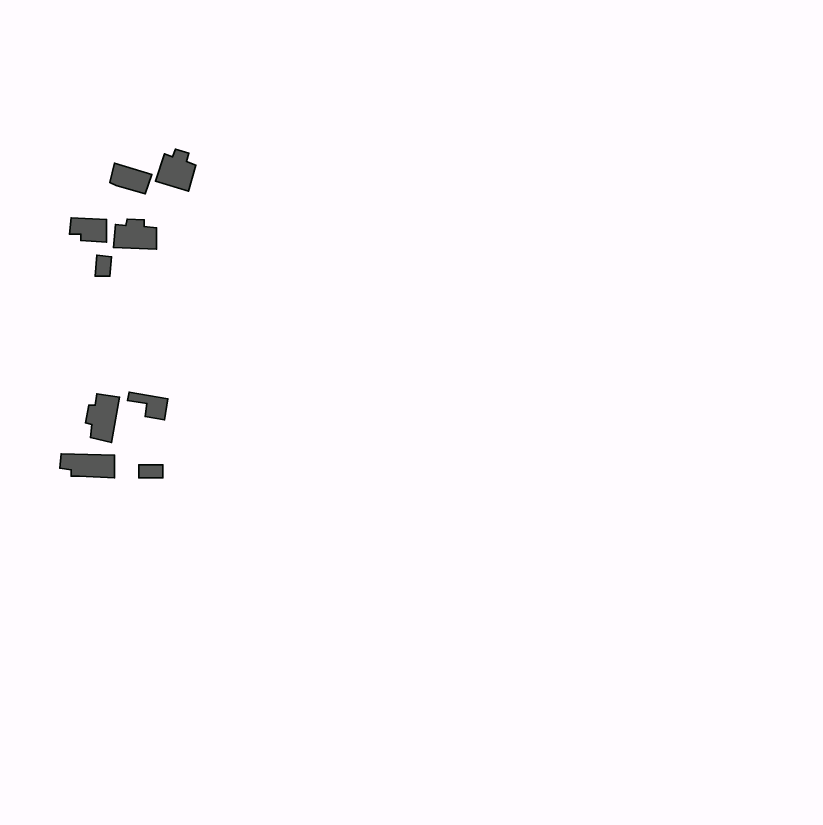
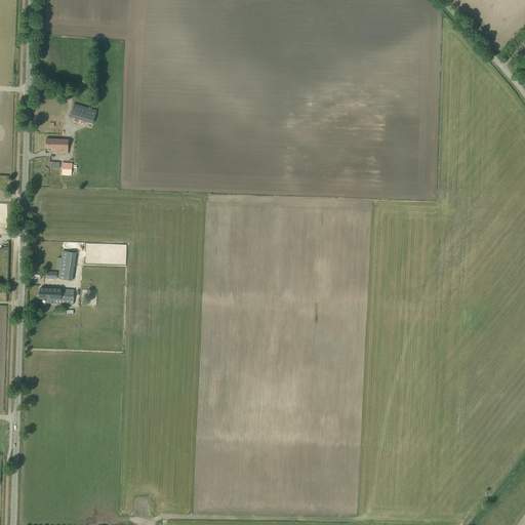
building: [155,149,196,191] -> none
building: [114,219,156,249] -> none

